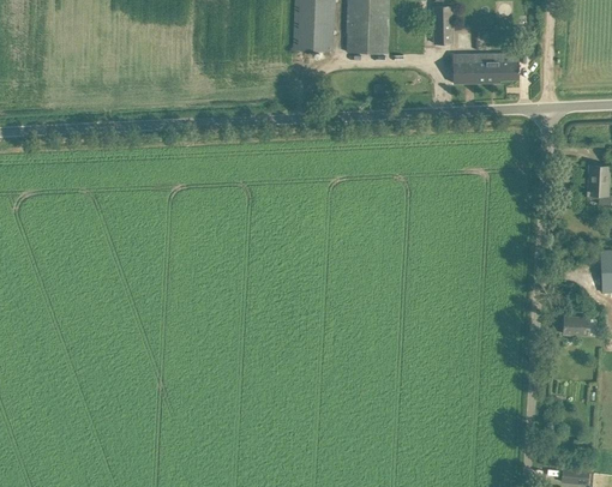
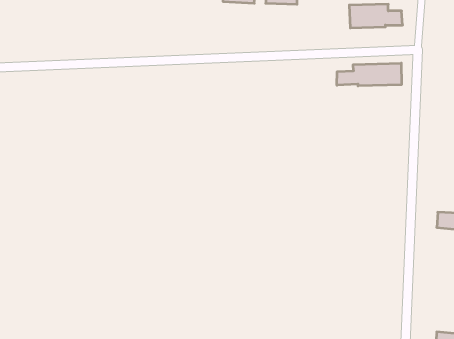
building: none -> [337,63,401,86]

